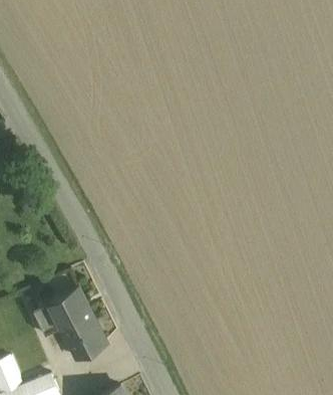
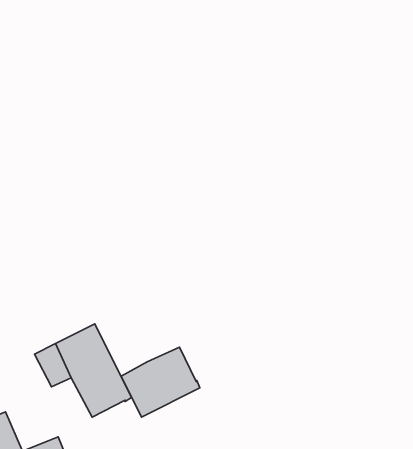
building: none -> [121,347,200,417]

